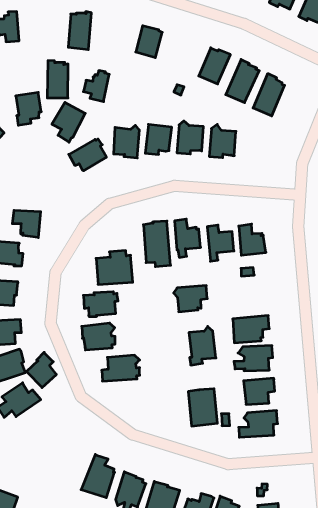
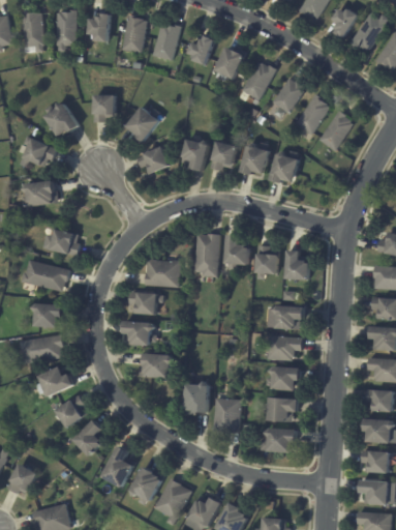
building: none -> [242,61,276,99]
building: [47,61,68,98] -> [122,13,147,52]
building: [83,71,109,102] -> [188,34,215,64]
building: [12,210,41,238] -> none
building: [174,286,207,312] -> [273,304,305,328]
building: [189,326,216,365] -> [182,381,208,415]
building: [26,352,56,388] -> [56,394,84,428]
building: none -> [74,419,104,455]

